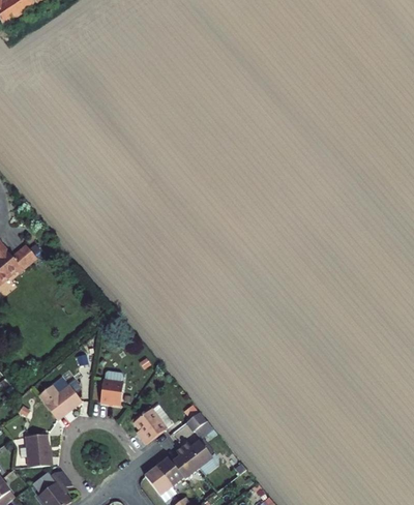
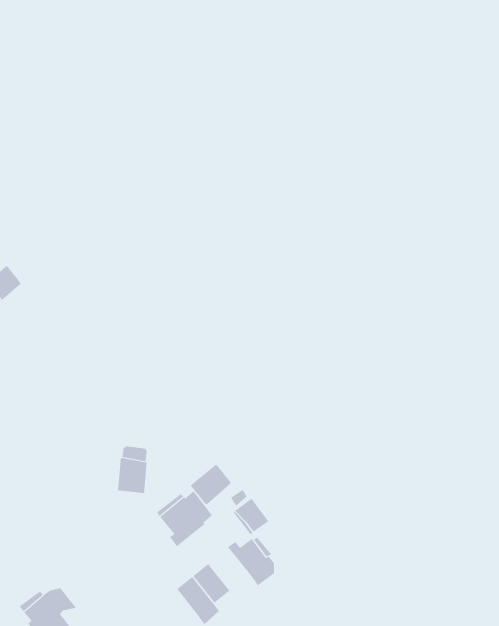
building: [36,382,81,424] -> none
building: none -> [190,463,232,506]
building: [25,440,53,473] -> none
building: [171,445,198,477] -> none

